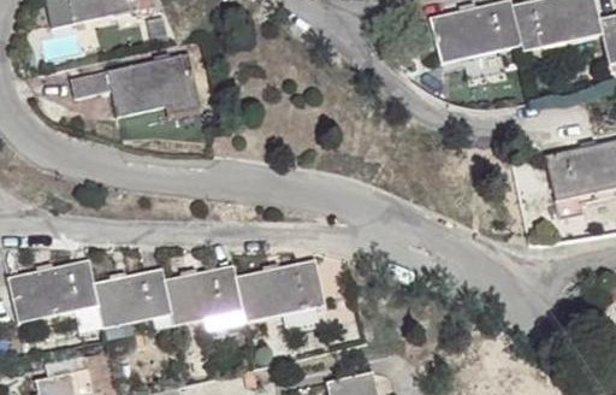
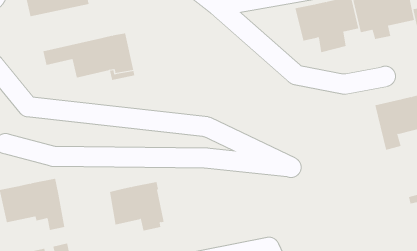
building: [235,258,328,330] -> none
building: [94,266,173,341] -> none

